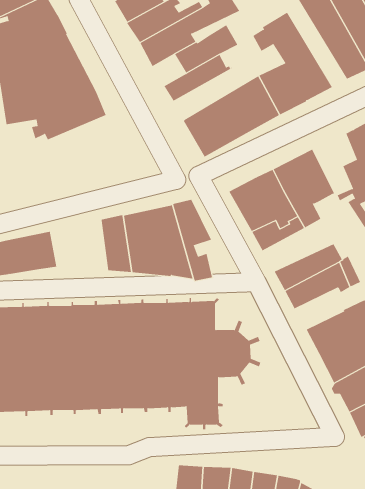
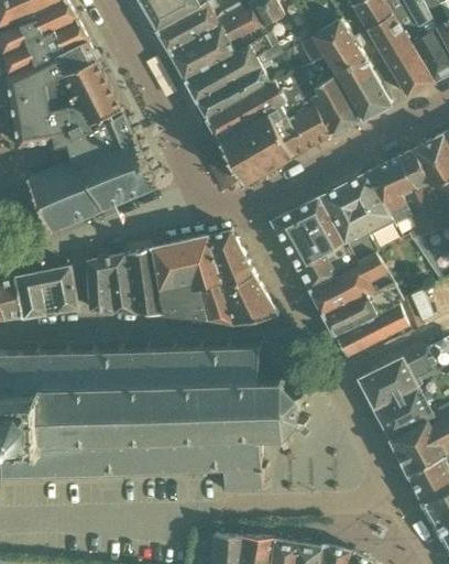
building: none -> [208,54,335,140]
building: none -> [184,65,222,101]
building: none -> [15,134,153,242]
building: none -> [366,155,416,226]
building: none -> [309,253,391,313]
building: none -> [87,254,133,313]
building: none -> [232,276,275,319]

